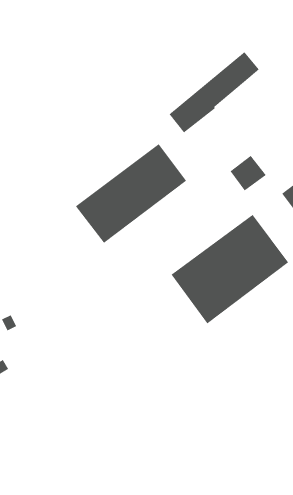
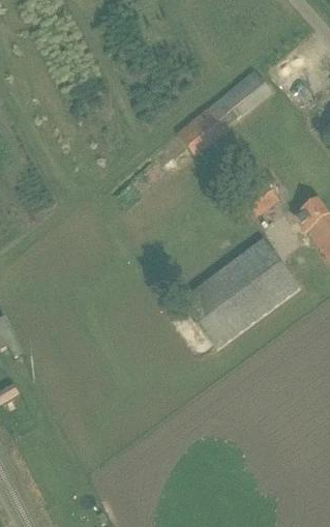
building: [75,143,187,244] -> none

